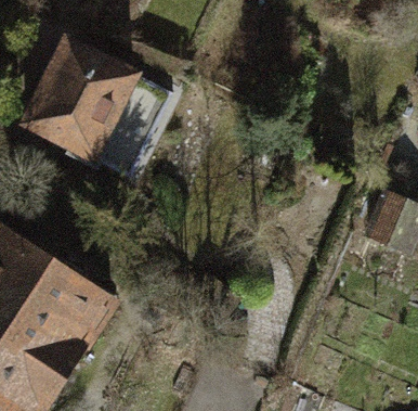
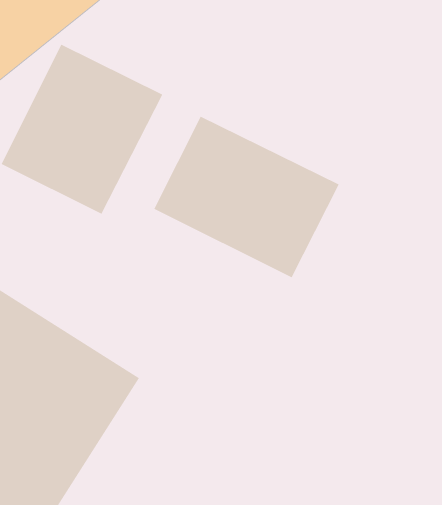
building: none -> [154,116,340,278]

